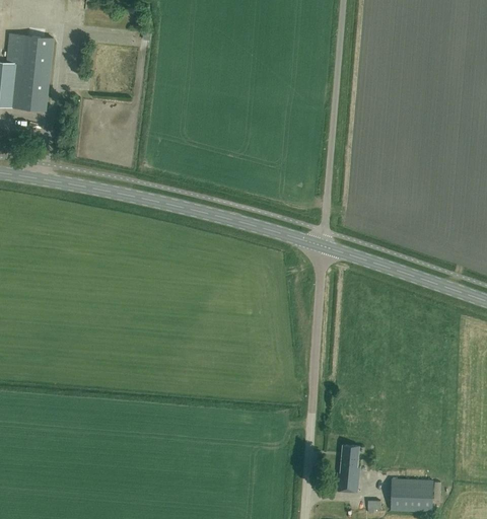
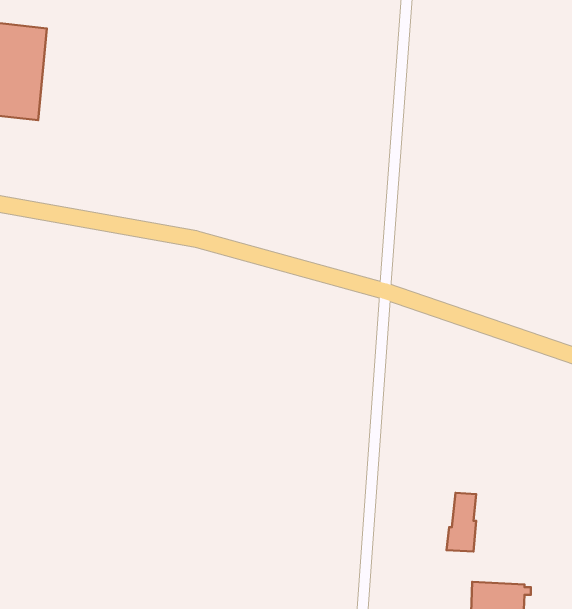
building: [335,445,358,492] -> [447,493,476,552]

